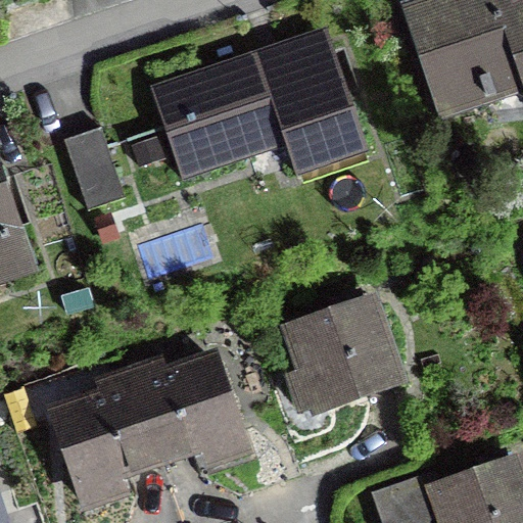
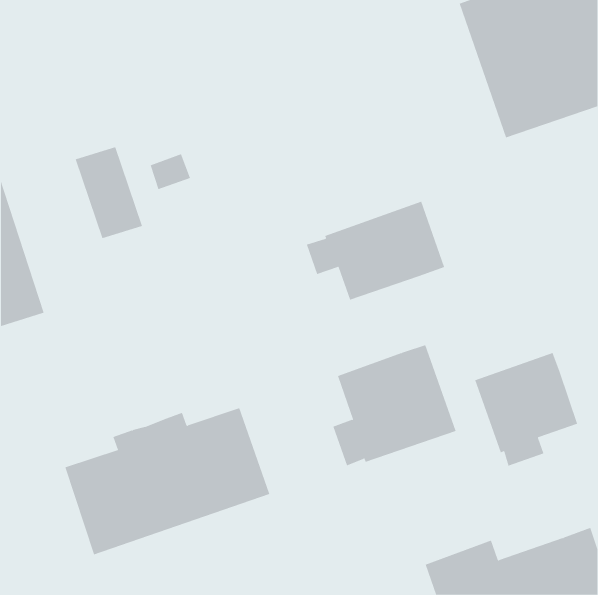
building: [149,26,370,181] -> none
building: none -> [306,201,445,301]
building: none -> [474,352,578,466]

